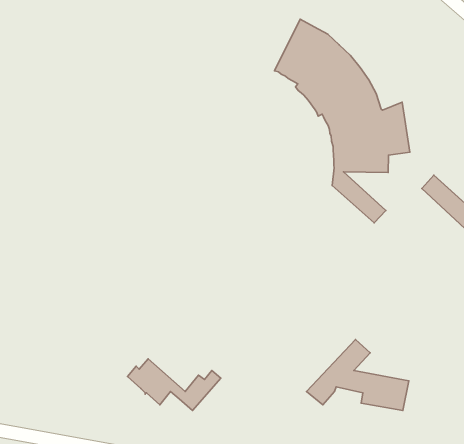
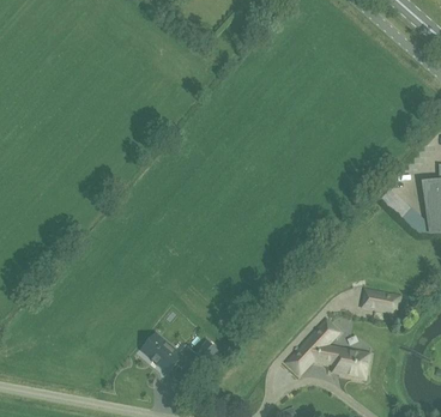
building: [274,19,410,223] -> none
building: none -> [362,286,403,315]

